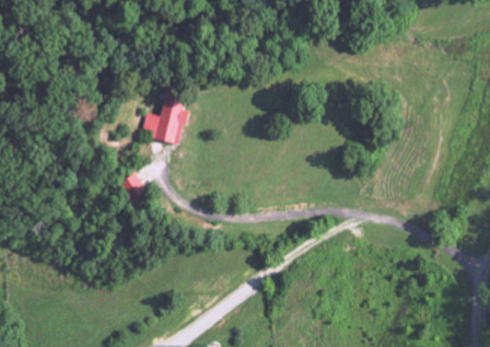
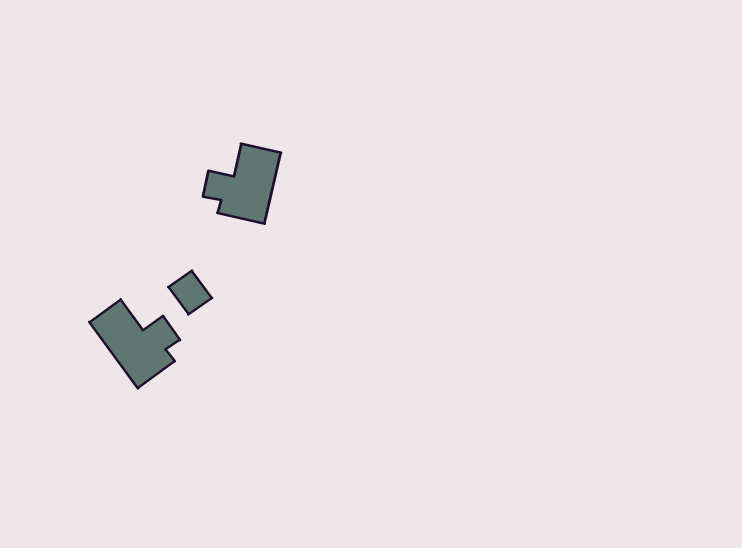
building: none -> [89,299,180,388]

